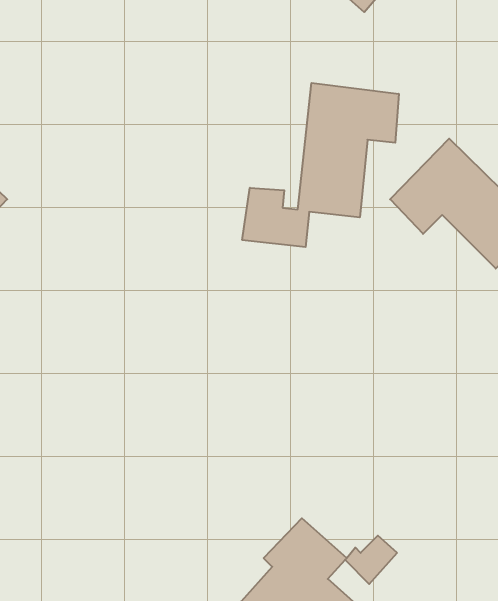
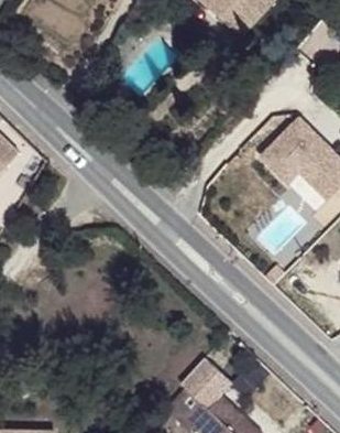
building: [242,83,399,247] -> none

